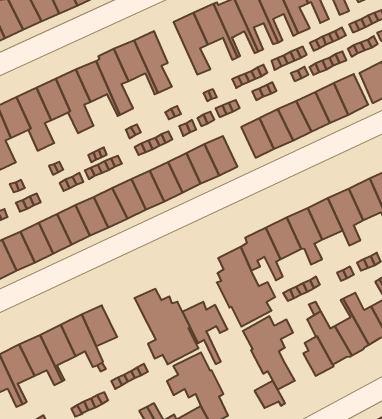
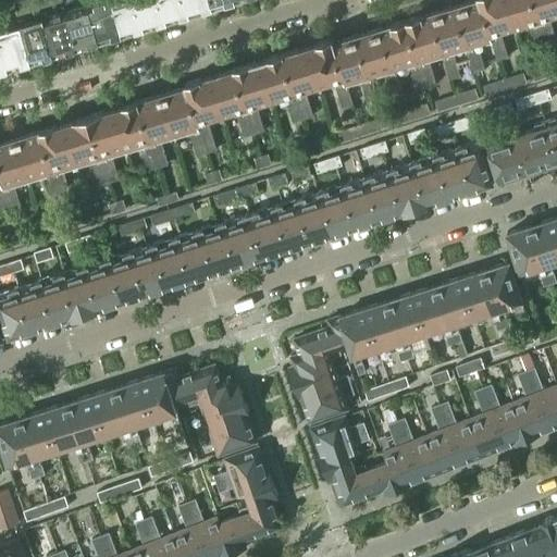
building: none -> [255,58,298,125]
building: none -> [319,191,354,237]
building: [183,302,228,364] -> [150,370,200,445]
building: [255,381,285,408] -> [356,467,389,497]

